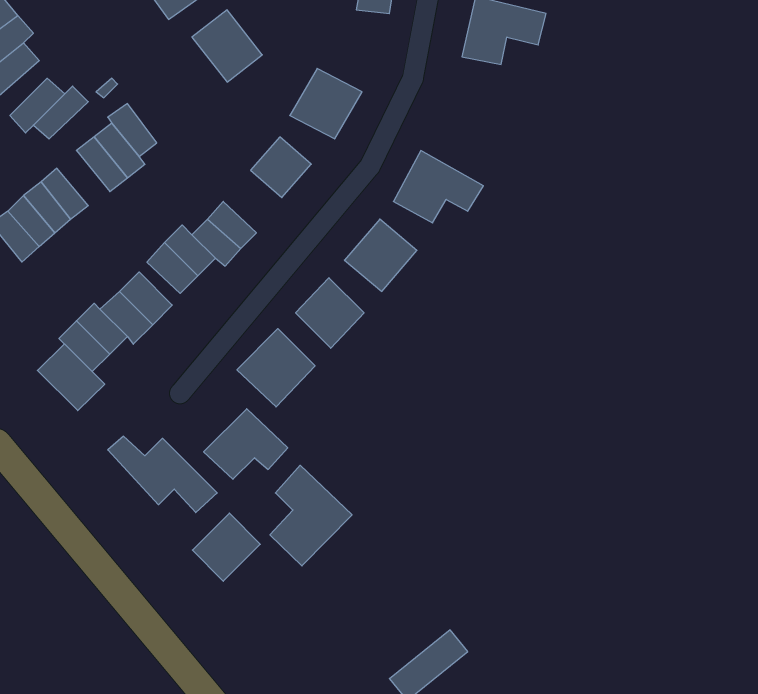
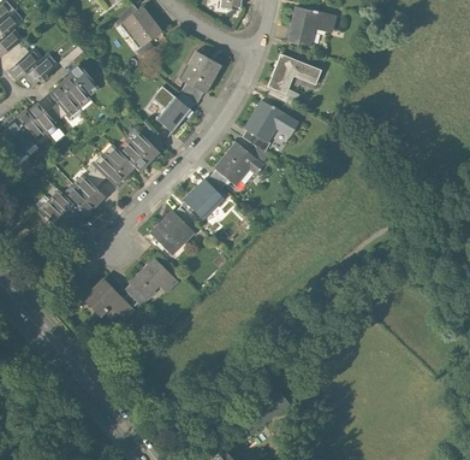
building: none -> [268,51,322,93]
building: [37,344,105,411] -> none
building: [270,465,352,566] -> none
building: [192,513,260,581] -> none

